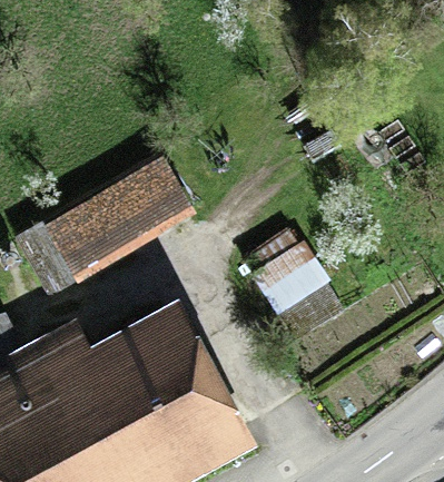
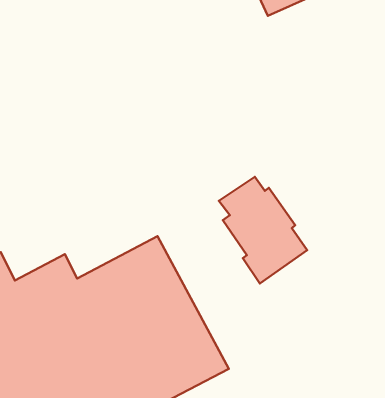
building: [14,157,195,301] -> none

